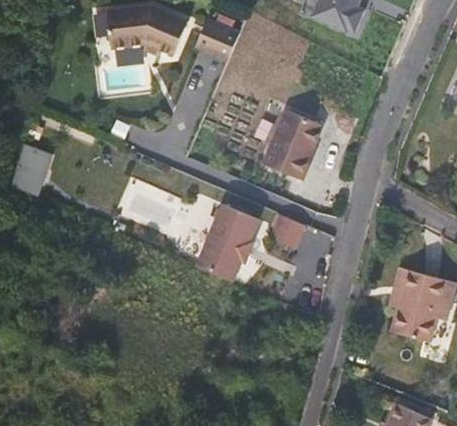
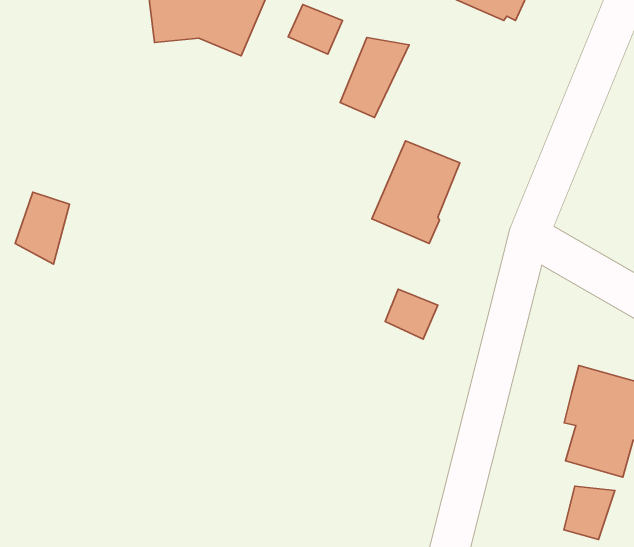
building: none -> [340,38,409,117]
building: [195,201,257,277] -> none
building: none -> [564,486,615,540]

